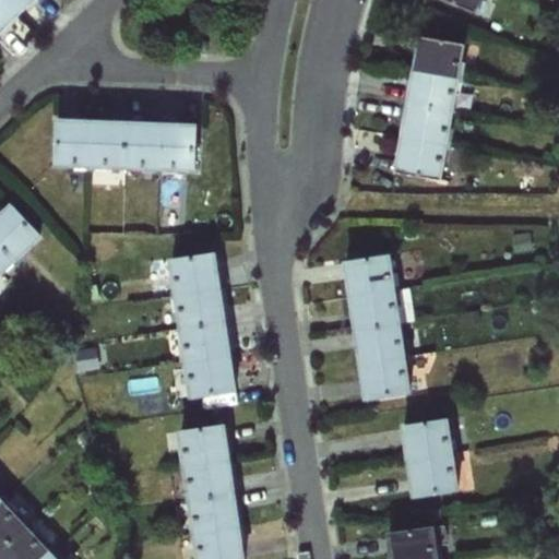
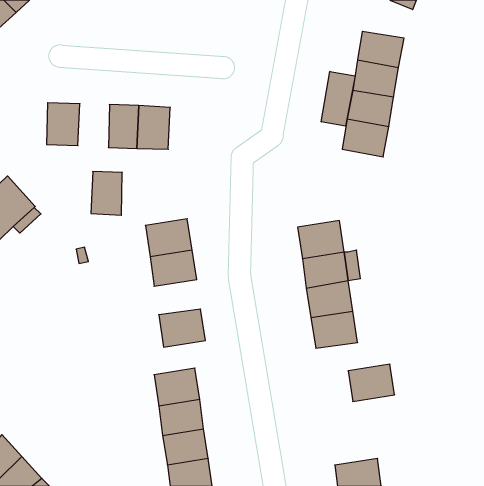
building: none -> [321,71,355,126]
building: [90,119,126,169] -> [91,172,122,215]
building: [177,321,230,361] -> none
building: [405,453,459,498] -> none

